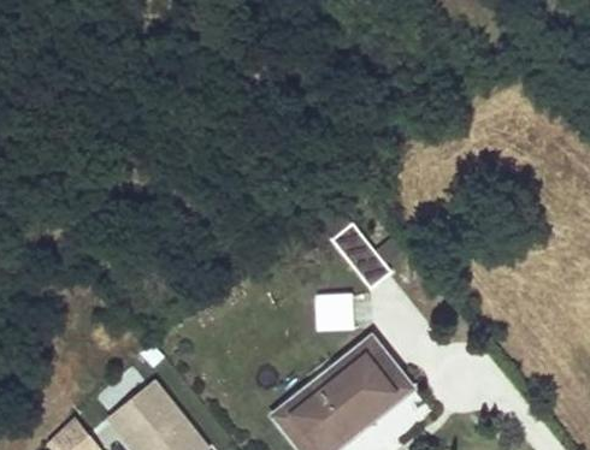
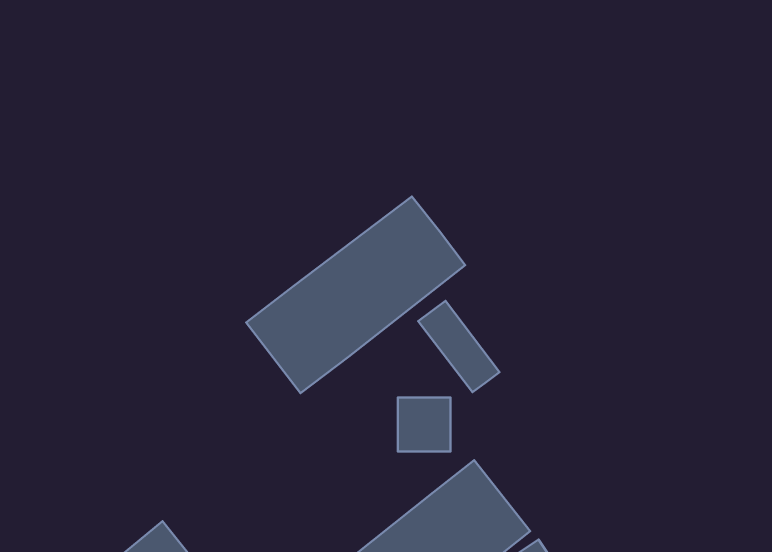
building: none -> [246,196,465,393]

